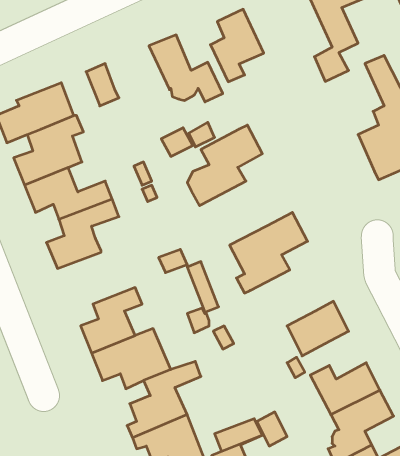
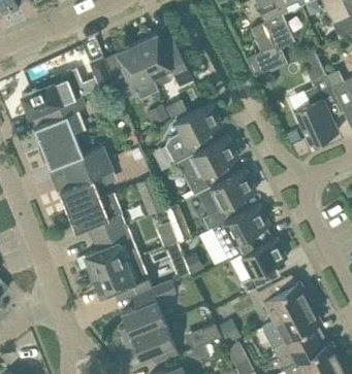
building: [210,9,264,82] -> [111,43,152,98]
building: none -> [177,136,239,196]
building: none -> [67,193,126,238]
building: none -> [213,204,269,261]

